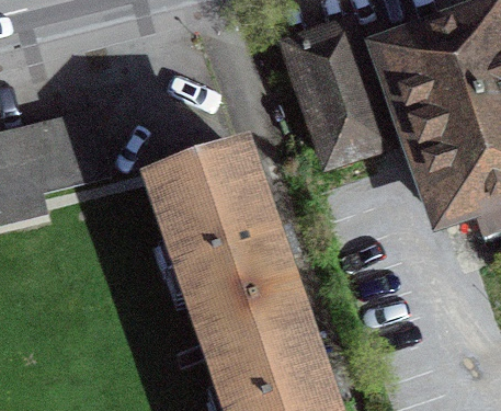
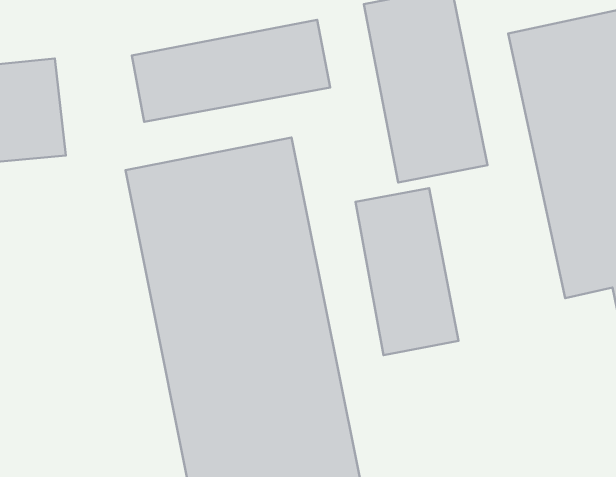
building: none -> [132,20,330,122]
building: none -> [355,188,458,355]

